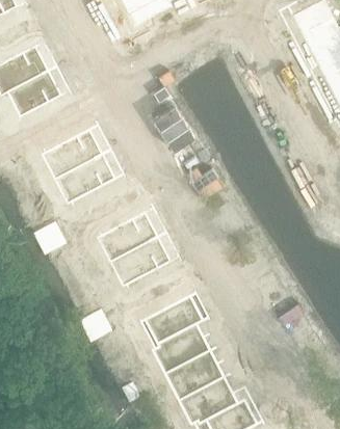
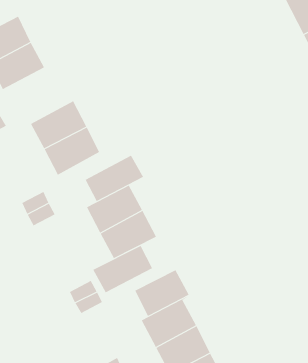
building: none -> [85,155,144,202]
building: none -> [93,245,153,293]

